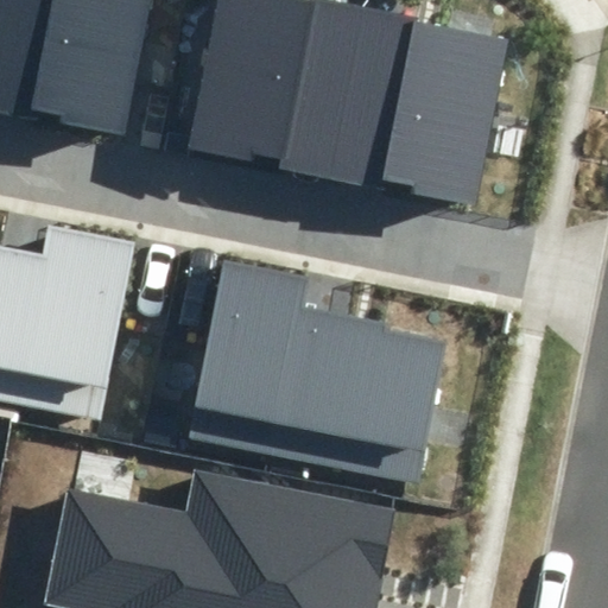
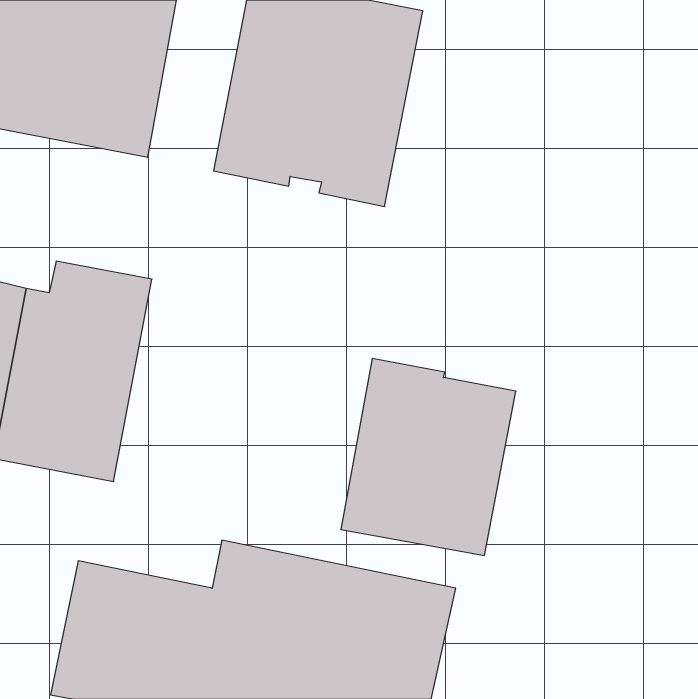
building: [334,10,506,204] -> none
building: [191,264,323,460] -> none

